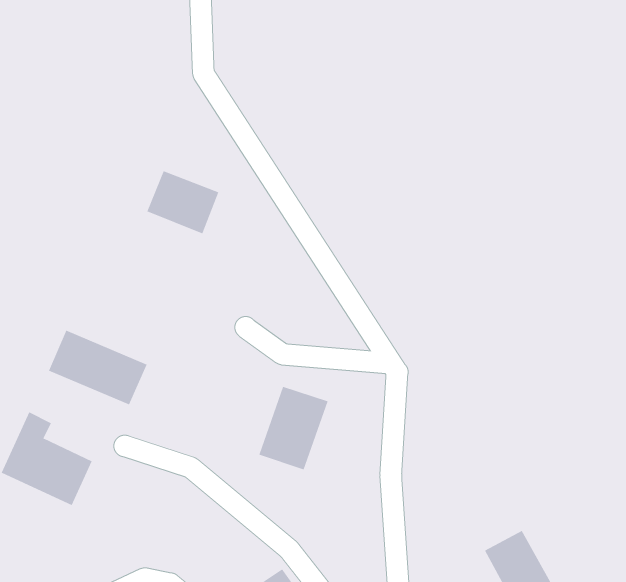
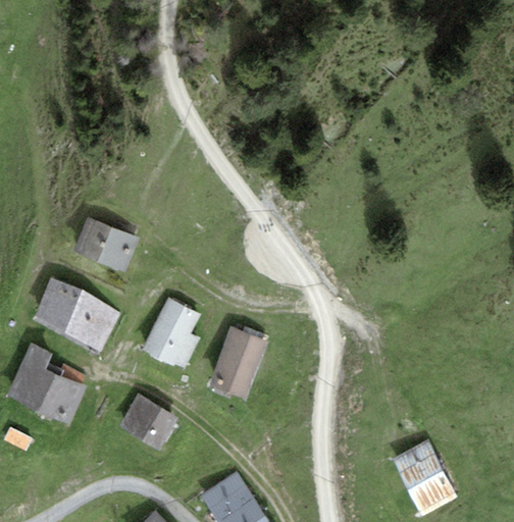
building: [147,171,219,234] -> [82,216,140,267]
building: none -> [140,303,197,370]
building: none -> [117,395,174,446]

